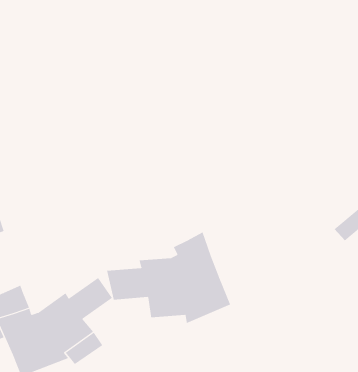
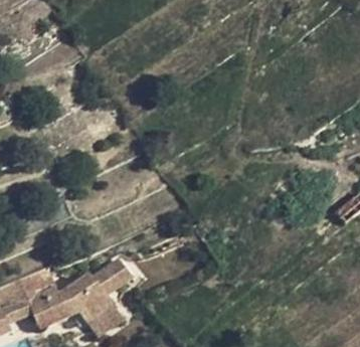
building: [107,231,231,324] -> none

